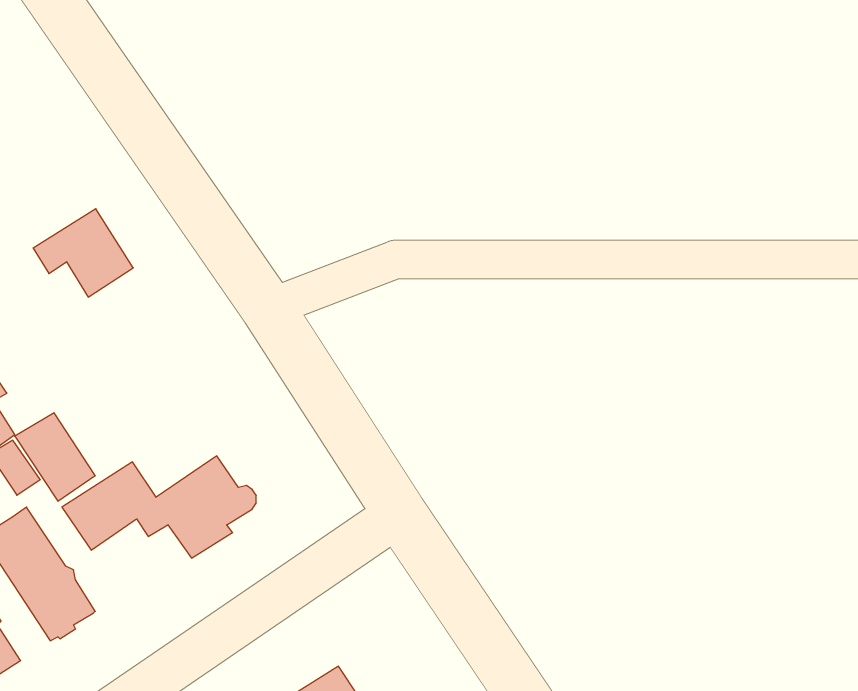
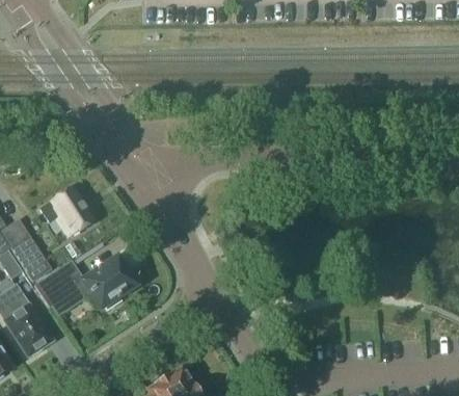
building: [33,209,133,297] -> [39,188,92,235]

